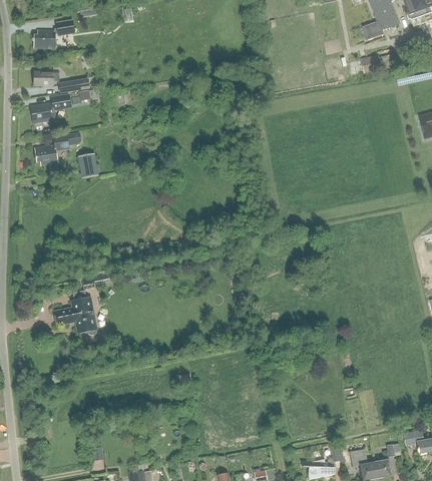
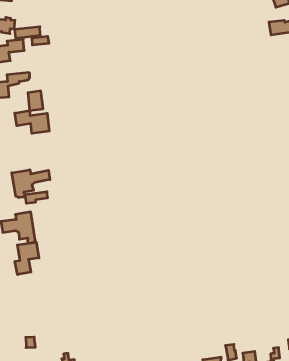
building: none -> [15,111,49,133]
building: none -> [12,170,50,198]
building: none -> [15,242,39,275]

